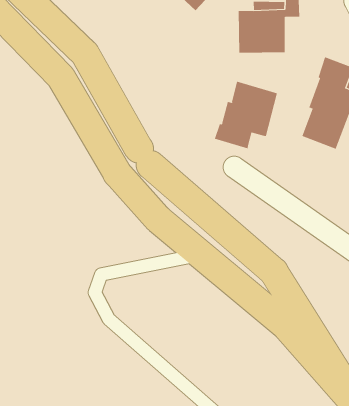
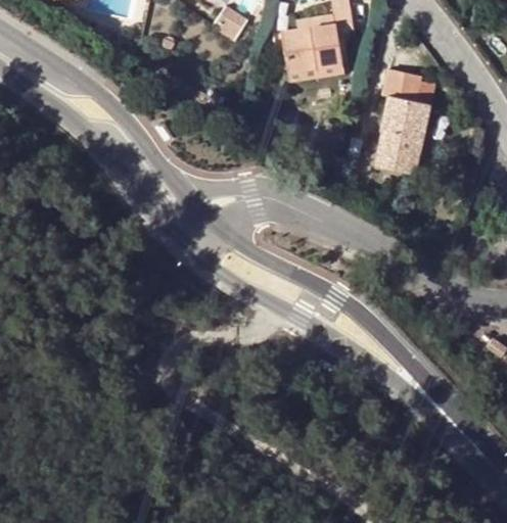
building: [214,81,277,149] -> none

